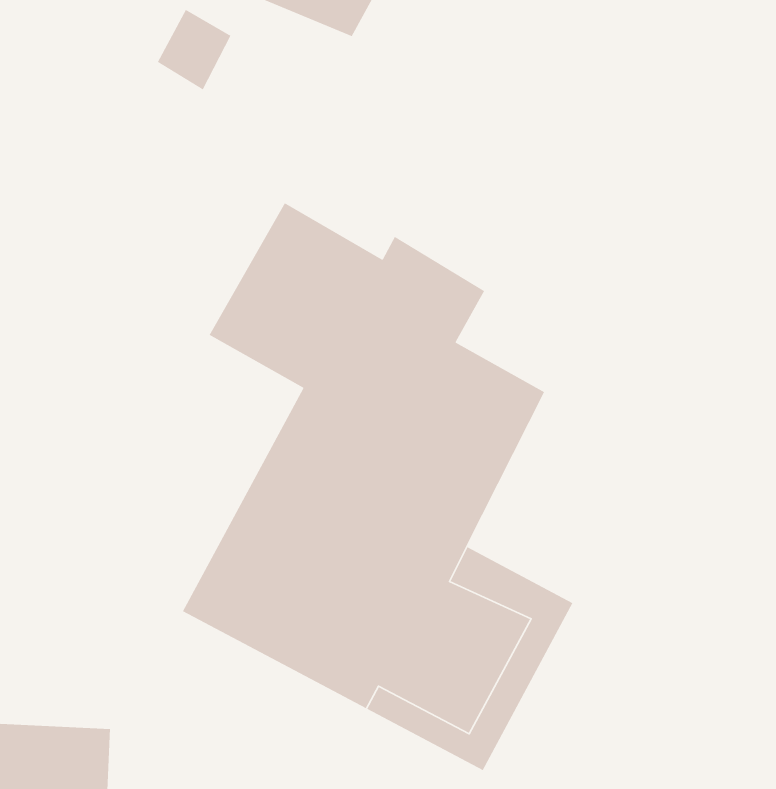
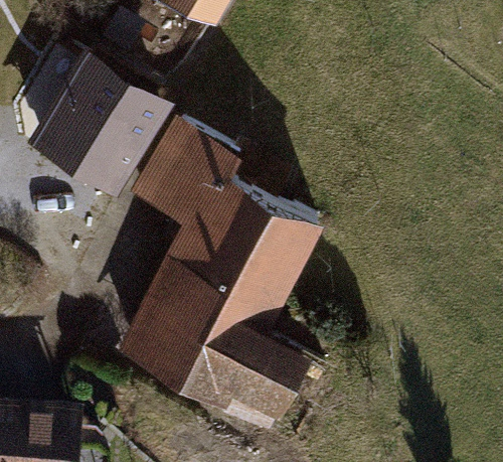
building: none -> [24,50,170,198]

